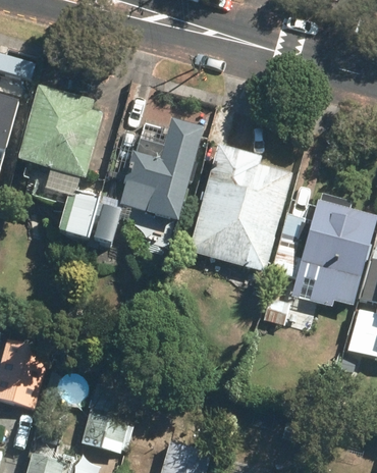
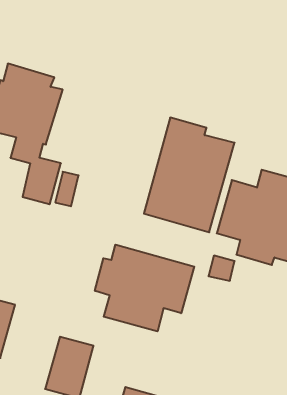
building: [105,119,200,218] -> none
building: none -> [95,245,194,331]

